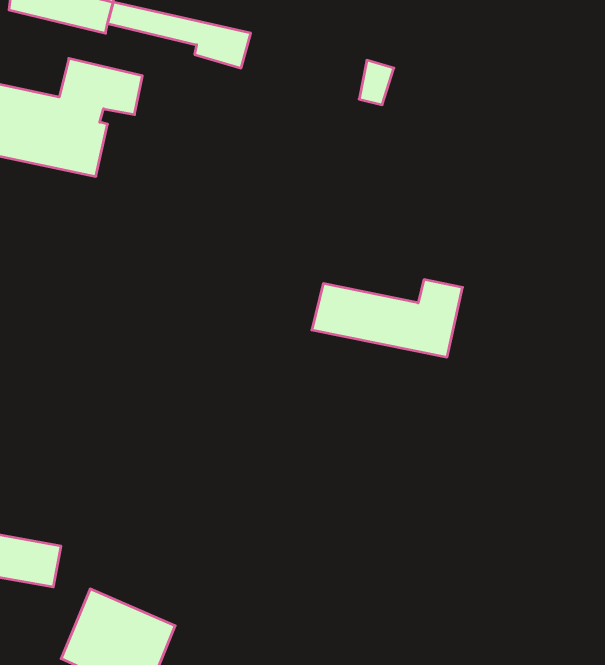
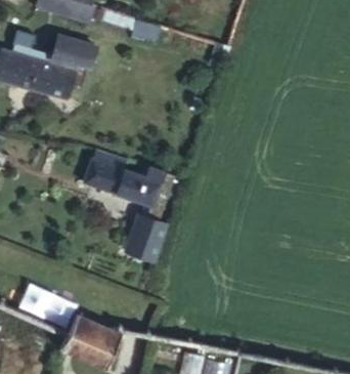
building: [312,280,463,357] -> [85,166,165,207]
building: none -> [123,215,166,266]

